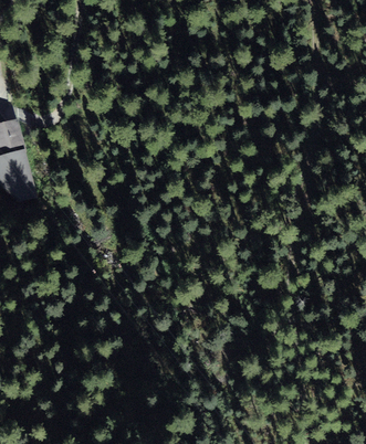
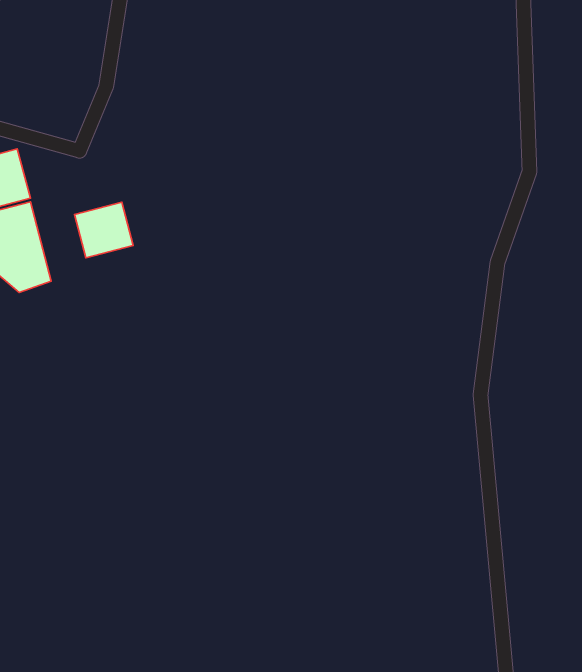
building: none -> [74,202,133,258]

